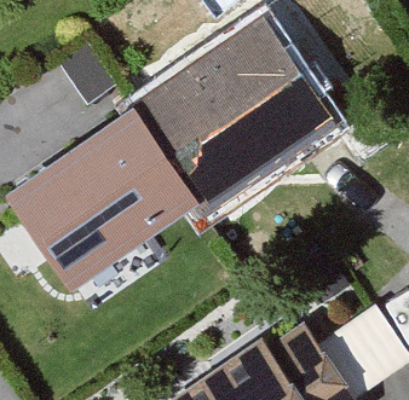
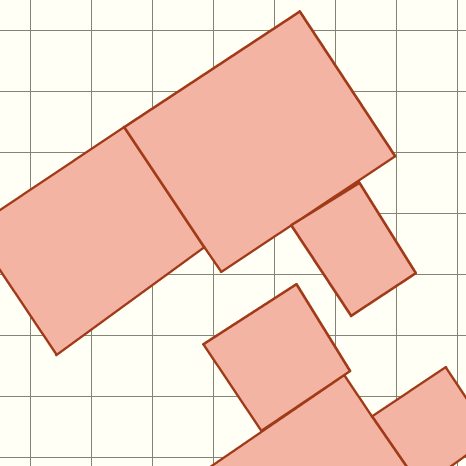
building: none -> [291,183,416,316]
building: none -> [203,284,350,431]

